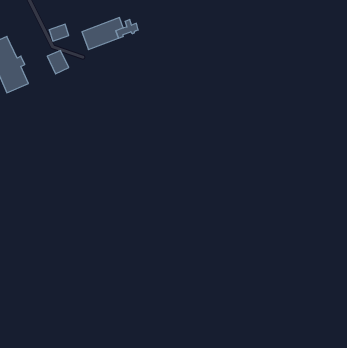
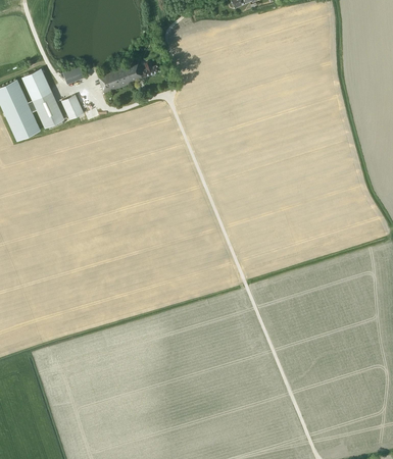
building: none -> [21,67,64,127]

